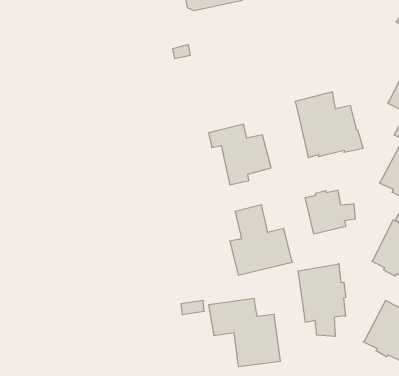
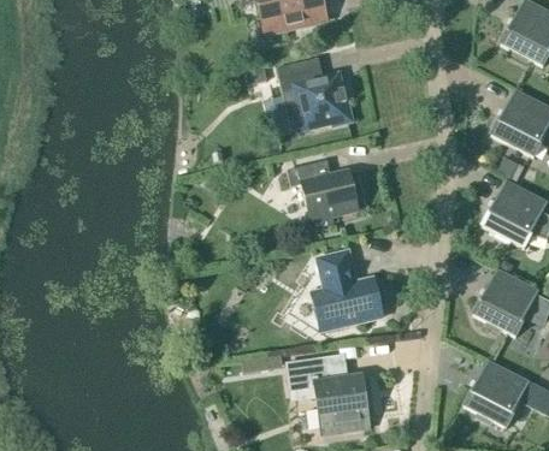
building: [295,92,363,158] -> [277,57,354,131]
building: [305,190,355,234] -> none
building: [298,263,346,337] -> none

